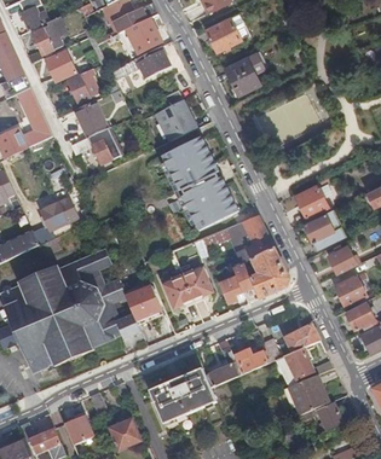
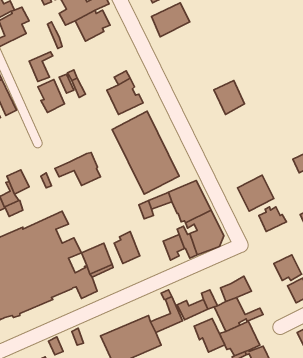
building: [109,46,169,81] -> none
building: [40,51,75,91] -> none
building: [224,57,259,95] -> [214,80,245,114]
building: [70,127,122,164] -> [55,152,101,185]
building: [295,184,327,217] -> none
building: [181,268,213,301] -> none
building: [334,274,365,304] -> none
building: none -> [194,319,225,352]

